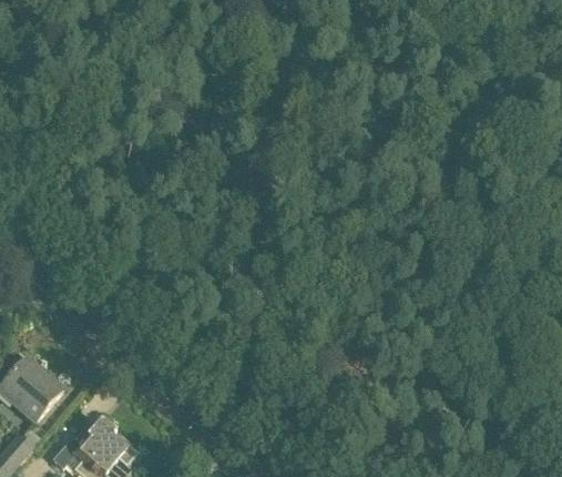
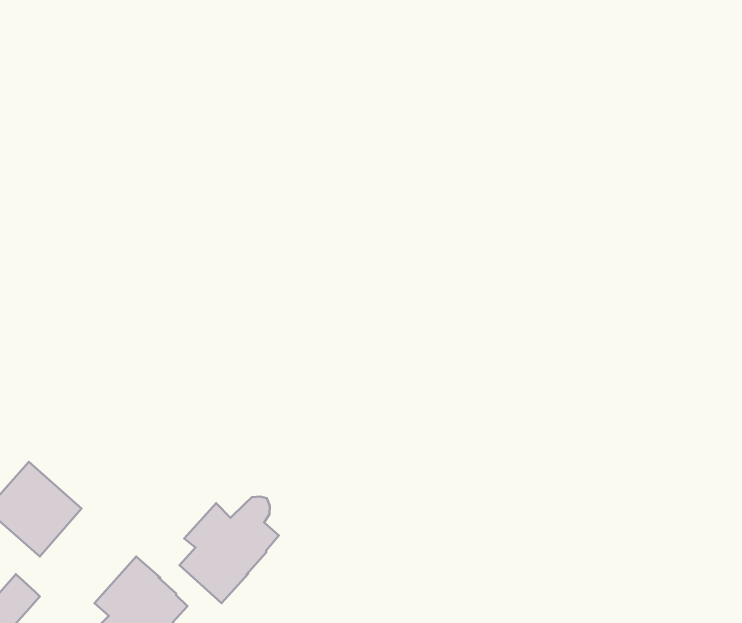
building: none -> [179,496,279,603]

